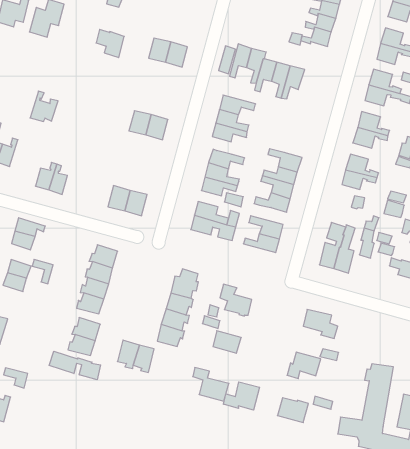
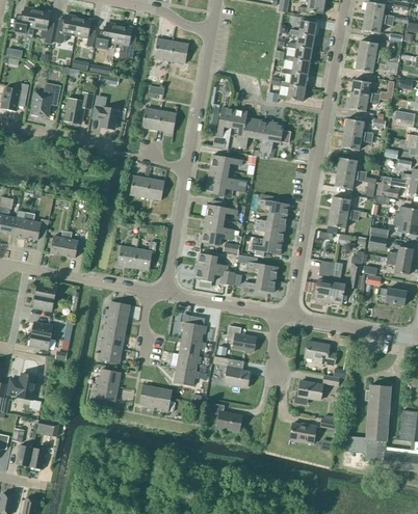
building: none -> [66,92,93,123]
building: [30,91,58,121] -> [25,212,49,239]
building: [49,351,101,380] -> none
building: [223,382,260,410] -> none

